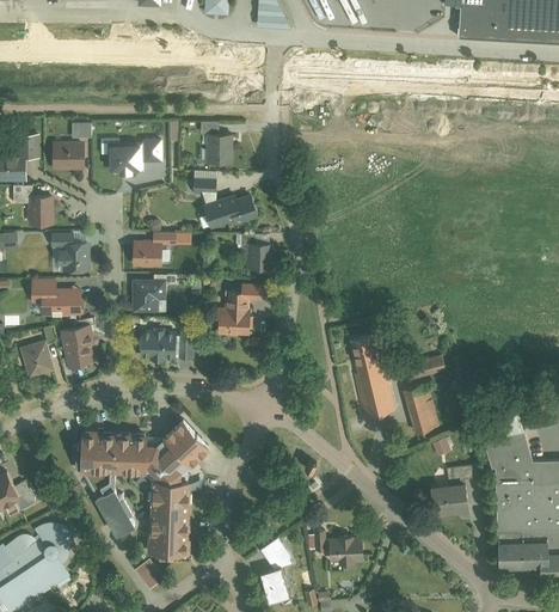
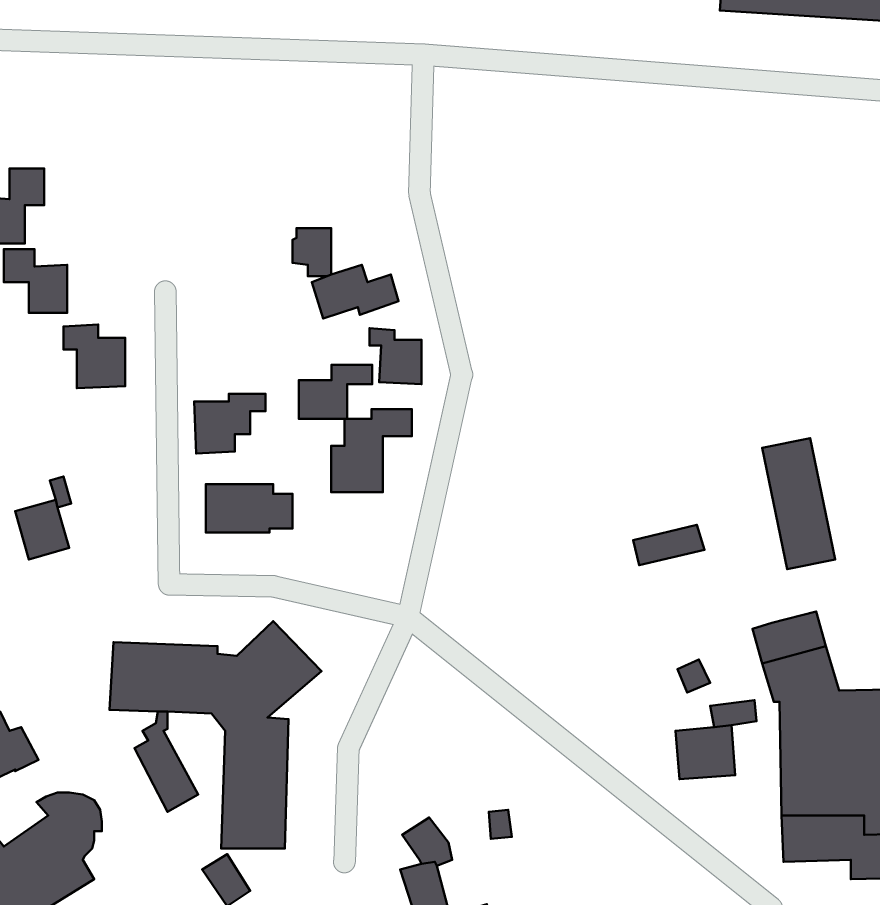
building: [201,122,233,165] -> none
building: [54,123,92,170] -> none
building: [109,139,164,172] -> none
building: [131,233,177,267] -> [299,365,372,419]
building: [30,280,82,317] -> none
building: [59,322,93,368] -> none
building: [348,336,393,417] -> [762,438,835,569]
building: [404,385,440,436] -> none
building: [332,540,366,569] -> none

